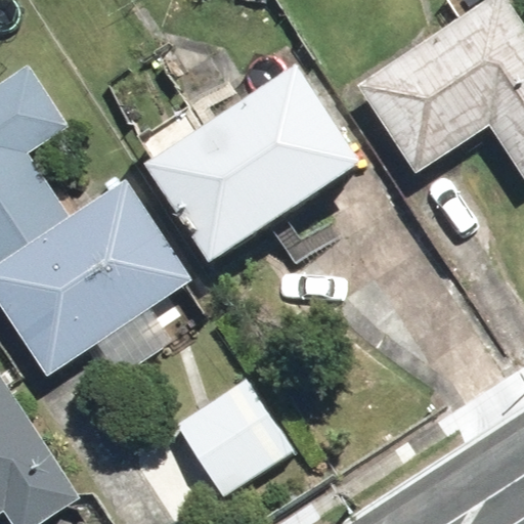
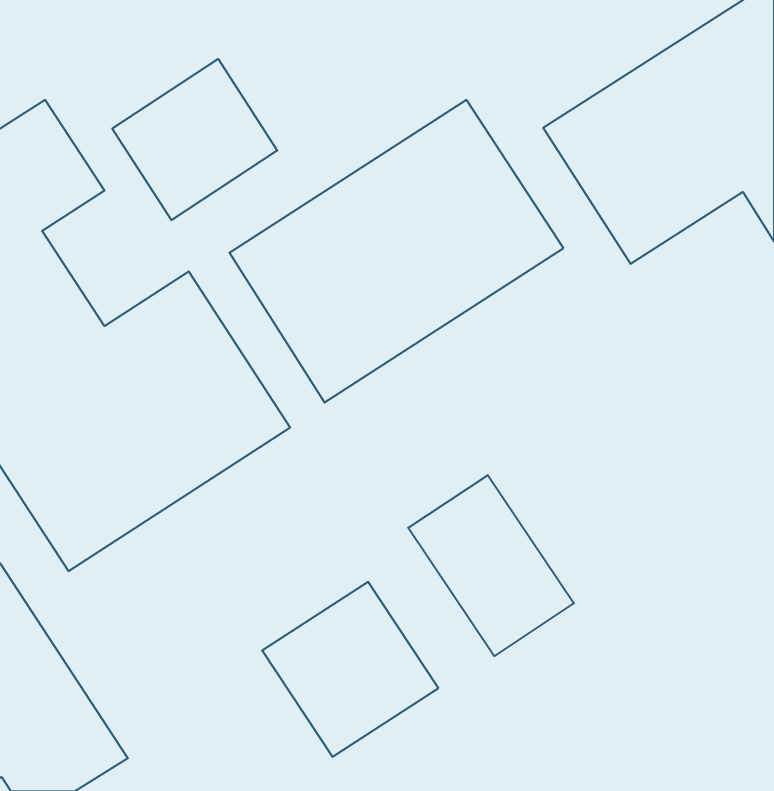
building: none -> [112,59,277,220]
building: none -> [408,475,574,656]

